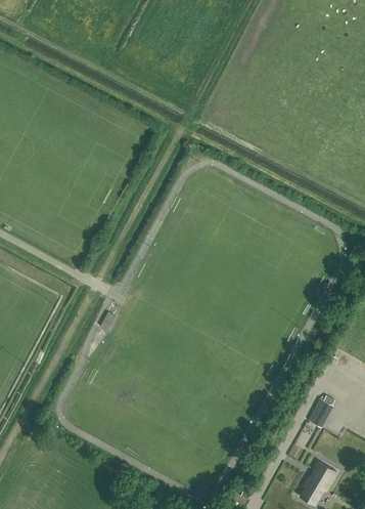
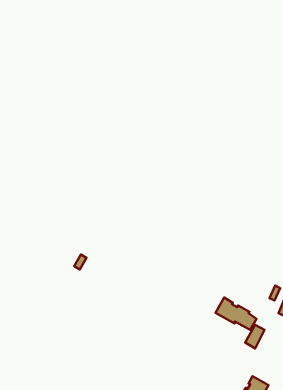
building: none -> [215,298,257,330]

